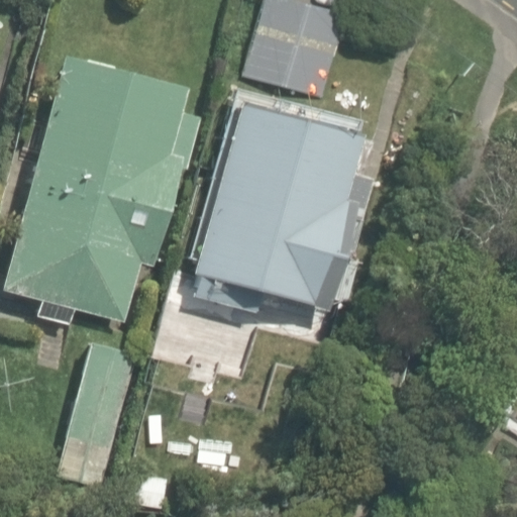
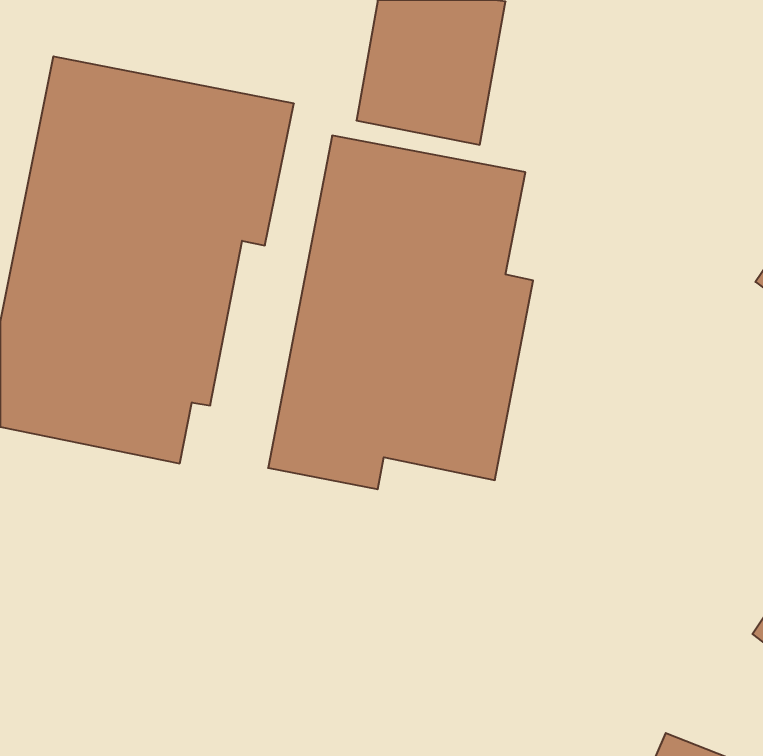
building: [61,338,143,473] -> none

